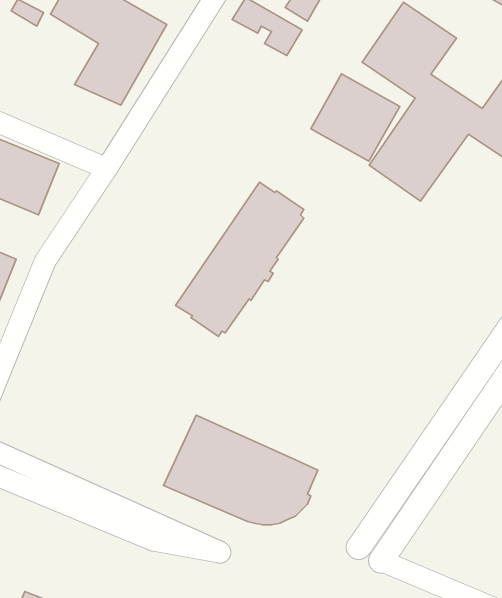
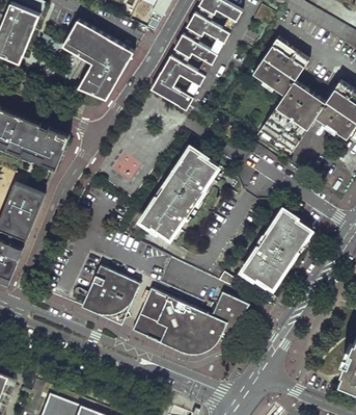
building: [311,74,400,161] -> [150,56,204,109]
building: none -> [242,209,310,288]
building: none -> [81,265,141,315]
building: none -> [212,292,250,340]

